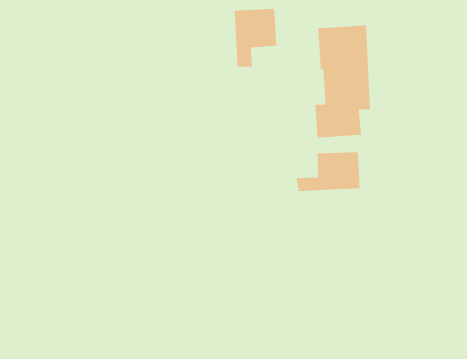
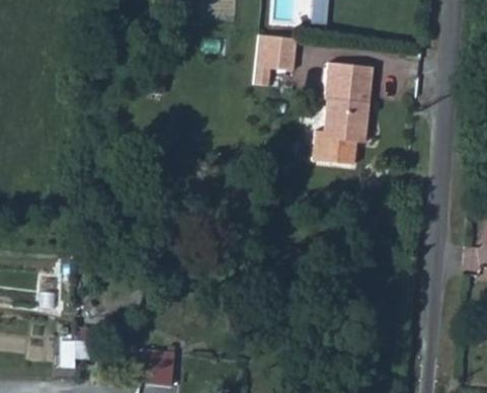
building: [296,152,360,192] -> none

